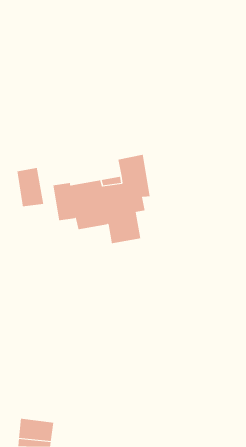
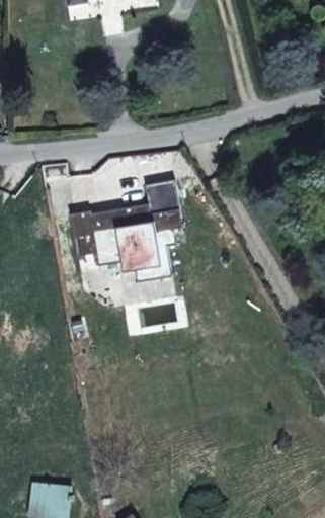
building: [17,167,44,207] -> none

